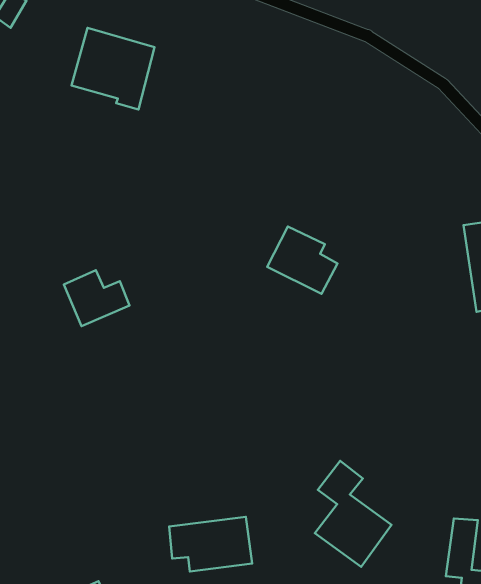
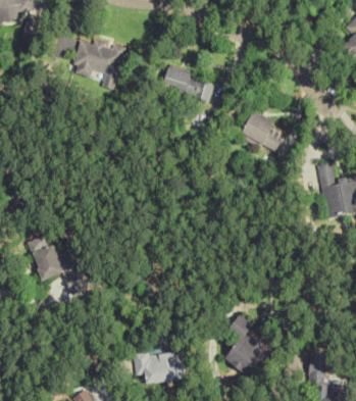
building: none -> [162,68,214,101]
building: [267,227,338,294] -> [241,110,286,153]
building: [64,270,130,326] -> [32,244,73,280]

